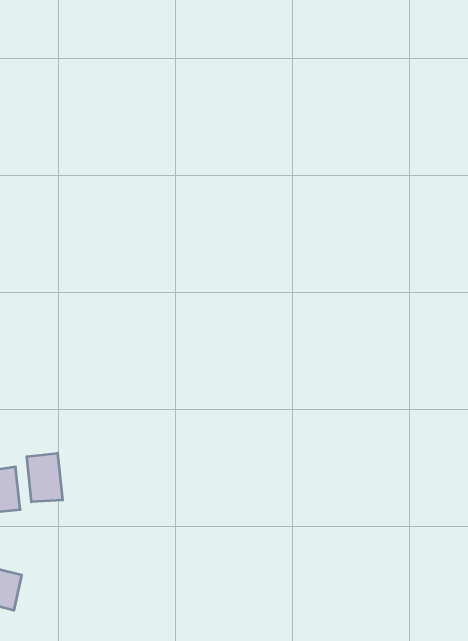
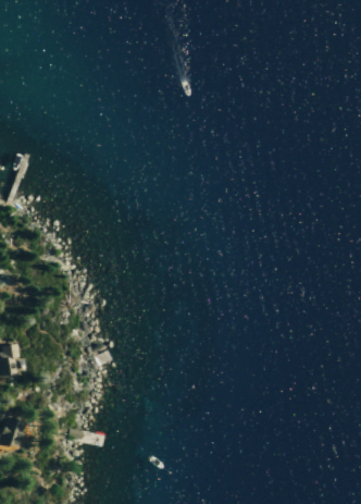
building: [27,453,63,502] -> none

